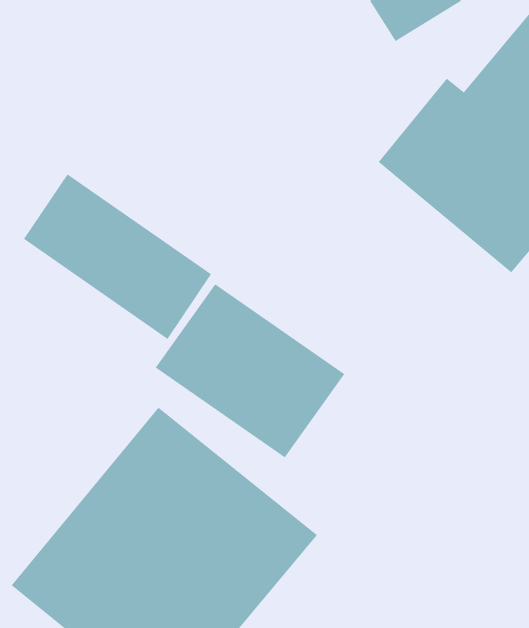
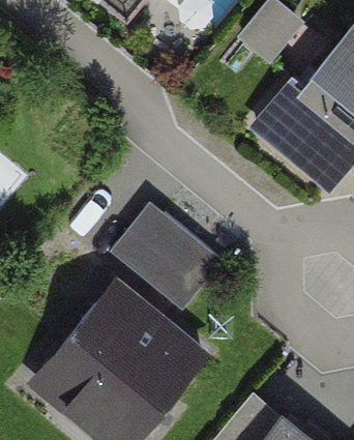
building: [23,173,212,340] -> none

